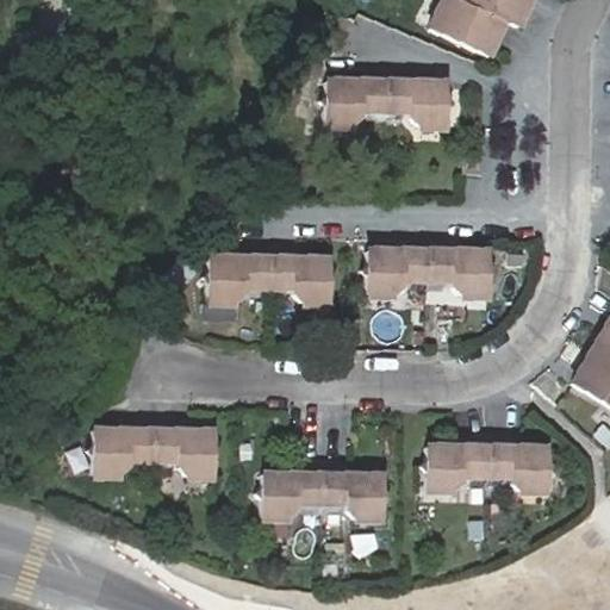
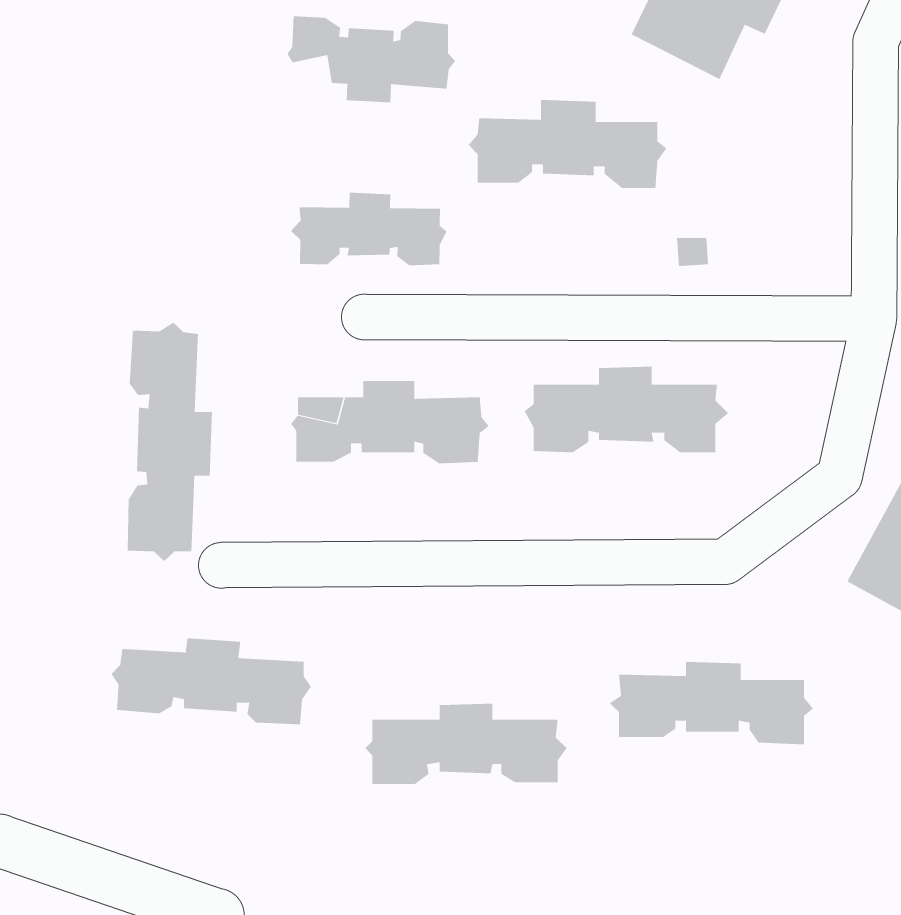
building: none -> [287,16,456,103]
building: none -> [290,192,447,266]
building: none -> [127,322,212,562]

